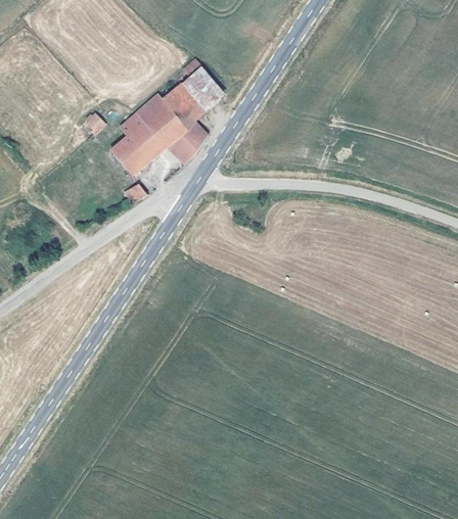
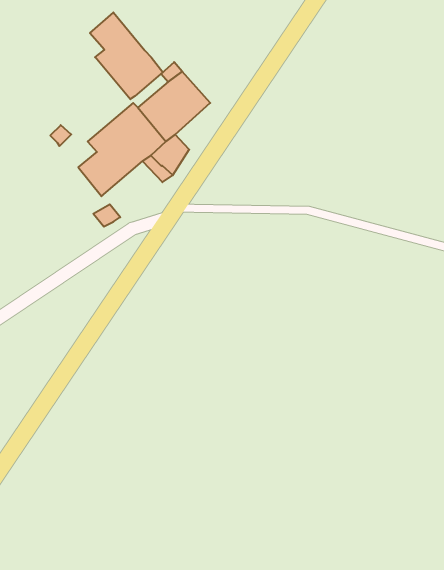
building: none -> [90,12,163,99]

